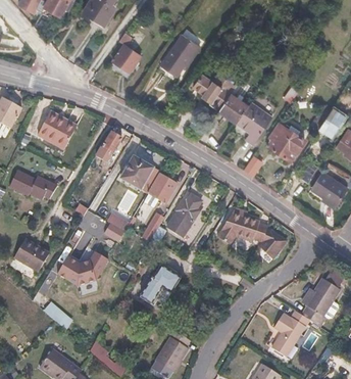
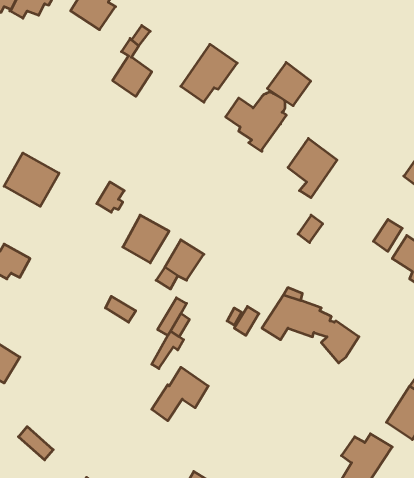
building: [218,91,249,122] -> [267,62,311,106]
building: [266,123,304,159] -> none
building: [168,193,201,235] -> none
building: [58,245,108,293] -> none

